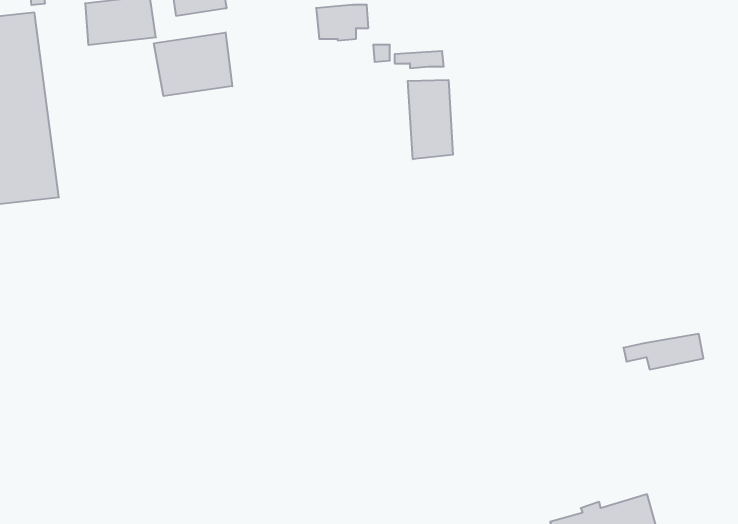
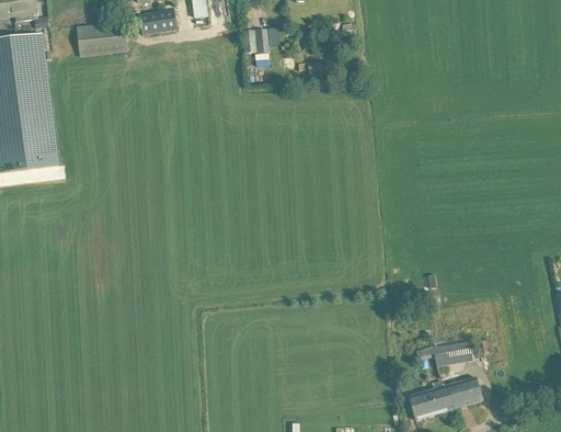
building: [154,32,232,96] -> none
building: [408,80,453,159] -> none
building: [623,334,703,369] -> [416,340,473,365]

